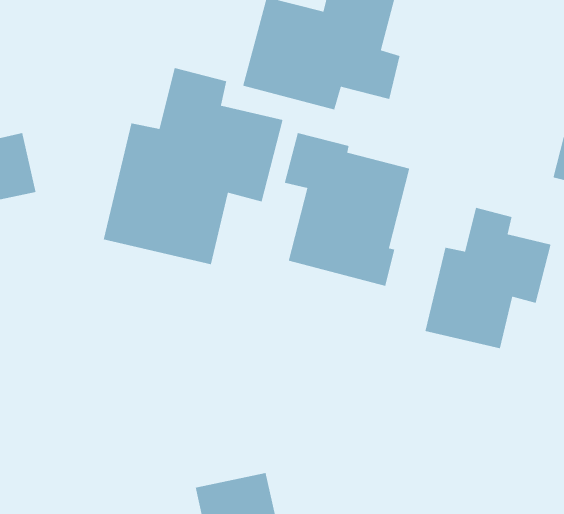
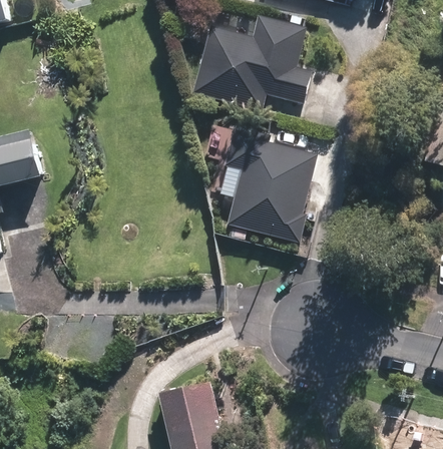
building: [103,67,283,265] -> none
building: [424,207,552,349] -> none

